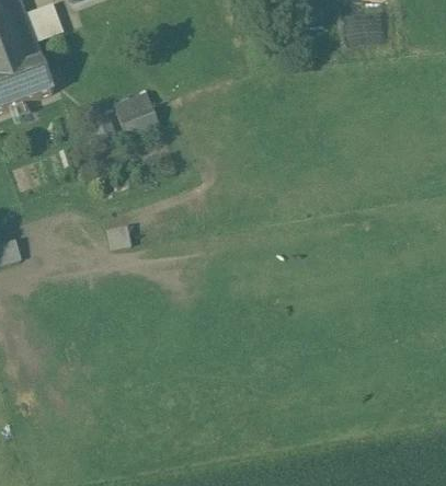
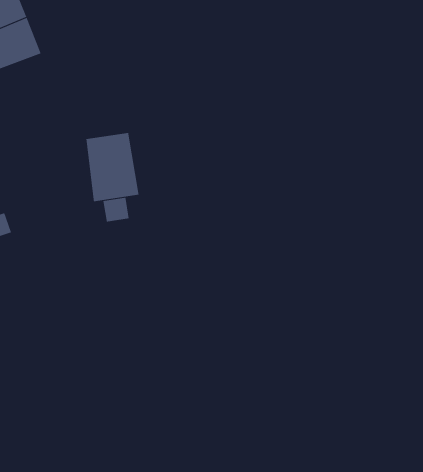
building: [114,86,159,130] -> none
building: none -> [86,132,139,202]

